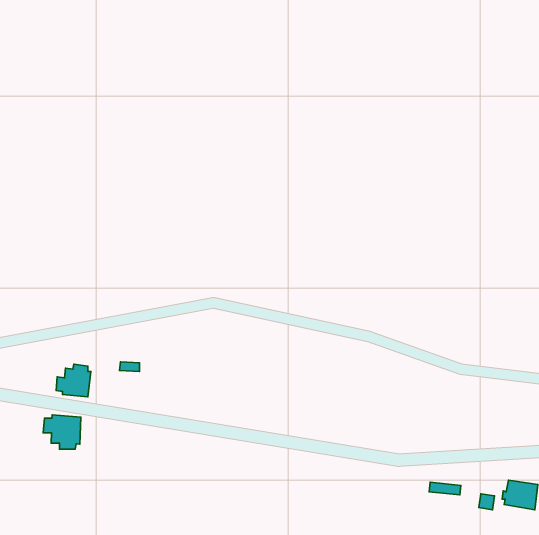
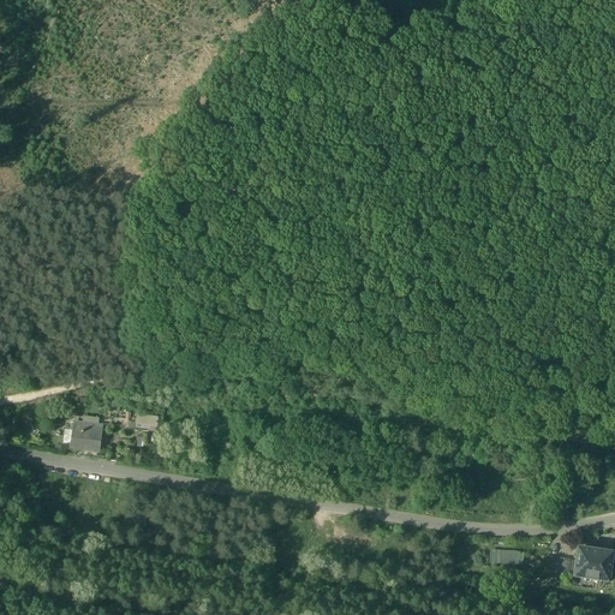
building: [43,415,81,449] -> none

